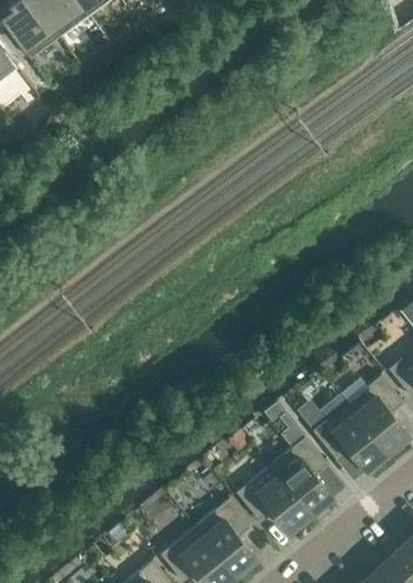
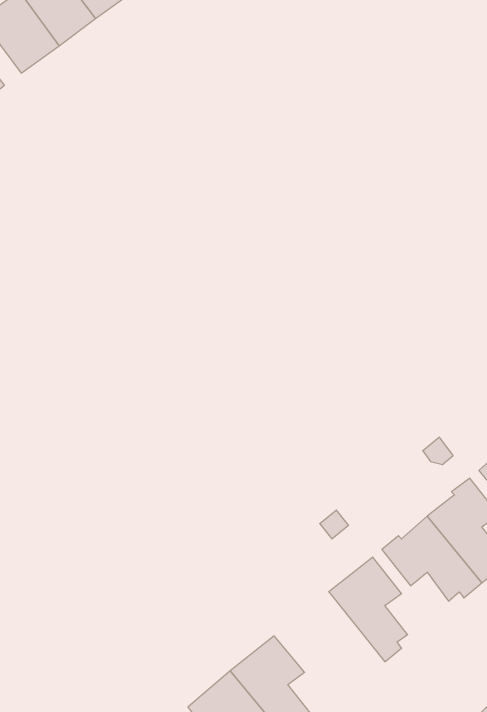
building: [236,463,314,532] -> none

